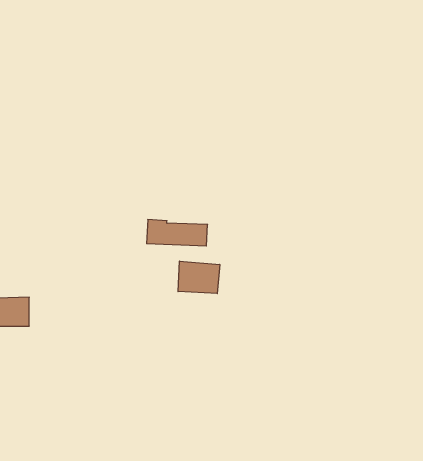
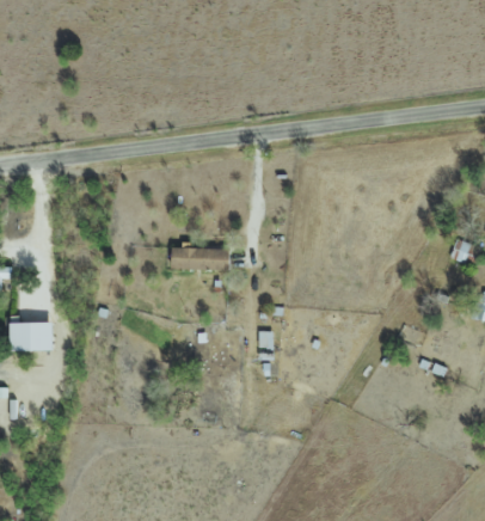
building: [178,261,220,294] -> none

